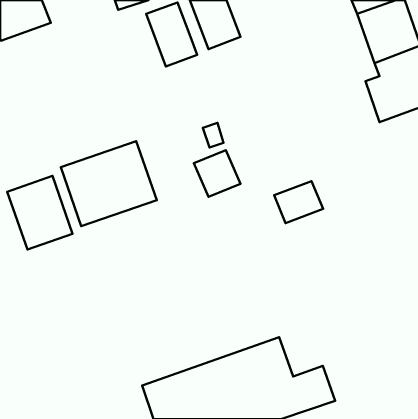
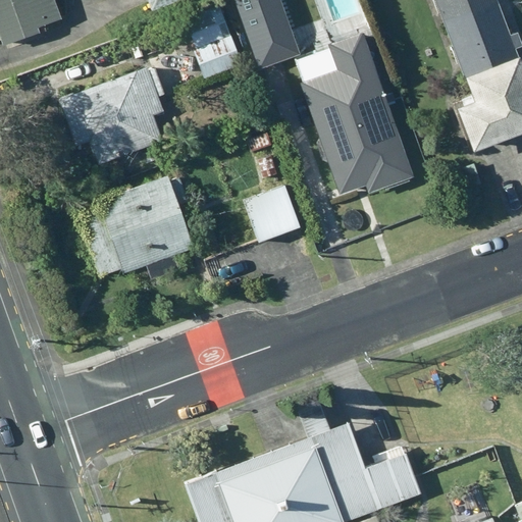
building: none -> [296,30,416,207]
building: none -> [55,68,169,170]
building: [7,176,73,250] -> none
building: [274,181,323,223] -> none

